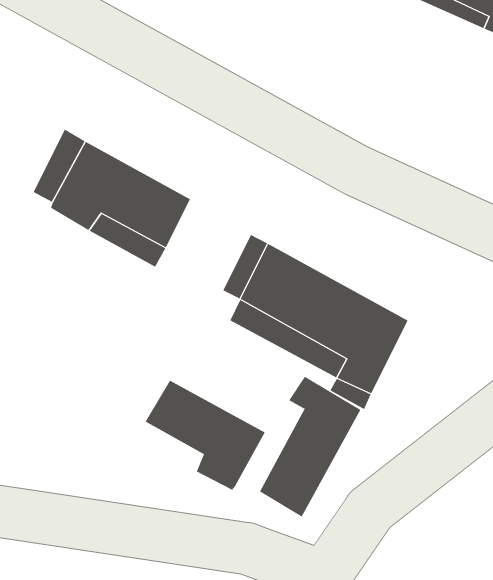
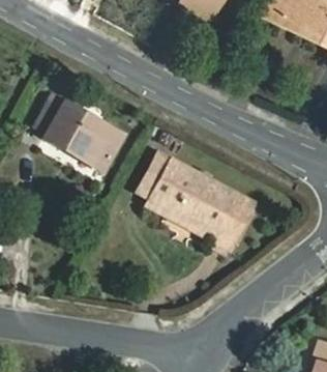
building: [259,376,361,518] -> none
building: [145,380,265,490] -> none

